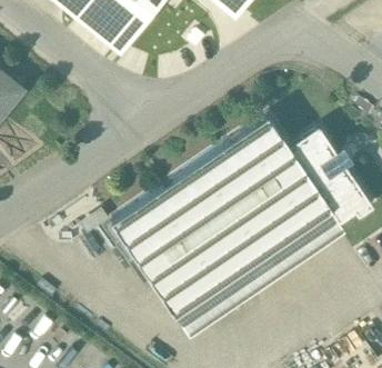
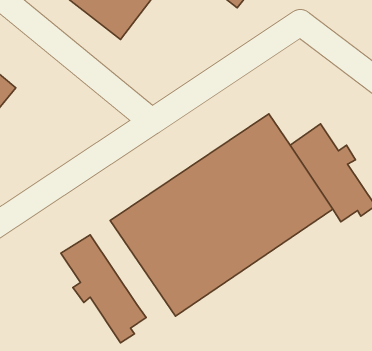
building: [175,210,345,338] -> none
building: none -> [61,235,146,343]

